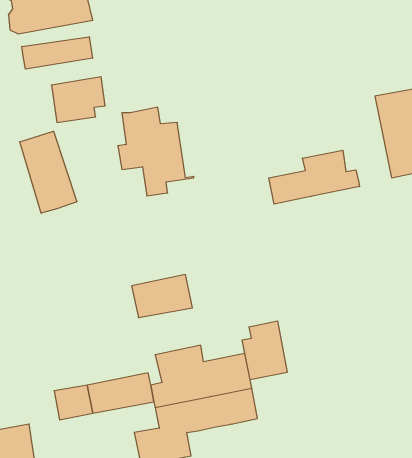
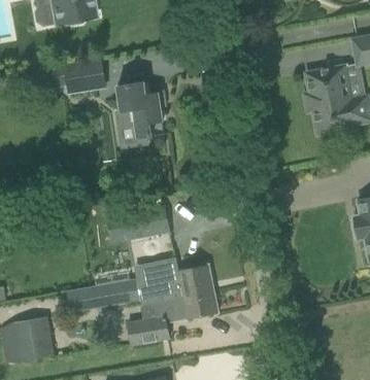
building: [22,37,92,69] -> none
building: [20,131,77,213] -> none
building: [269,150,360,204] -> none
building: [242,321,287,380] -> none

